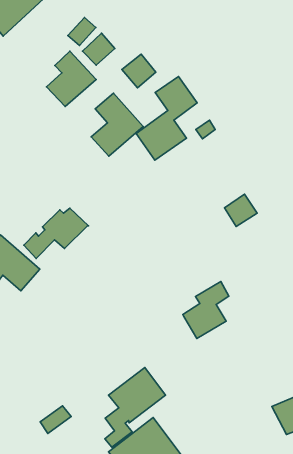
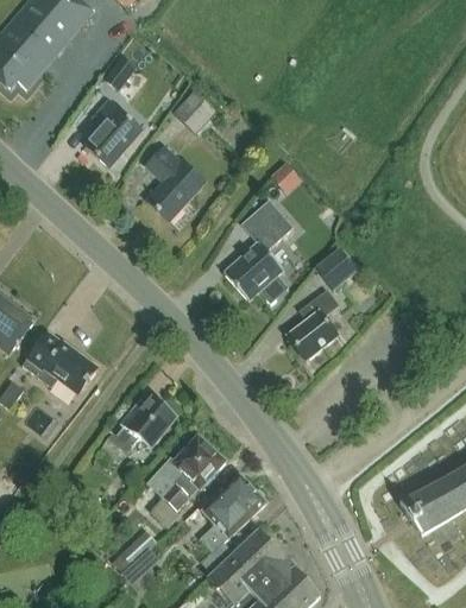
building: [82,33,115,65] -> none
building: [136,77,197,160] -> [222,197,292,302]
building: [24,208,88,258] -> [101,398,177,463]
building: [183,281,229,339] -> [285,289,339,361]
building: none -> [146,433,227,512]

